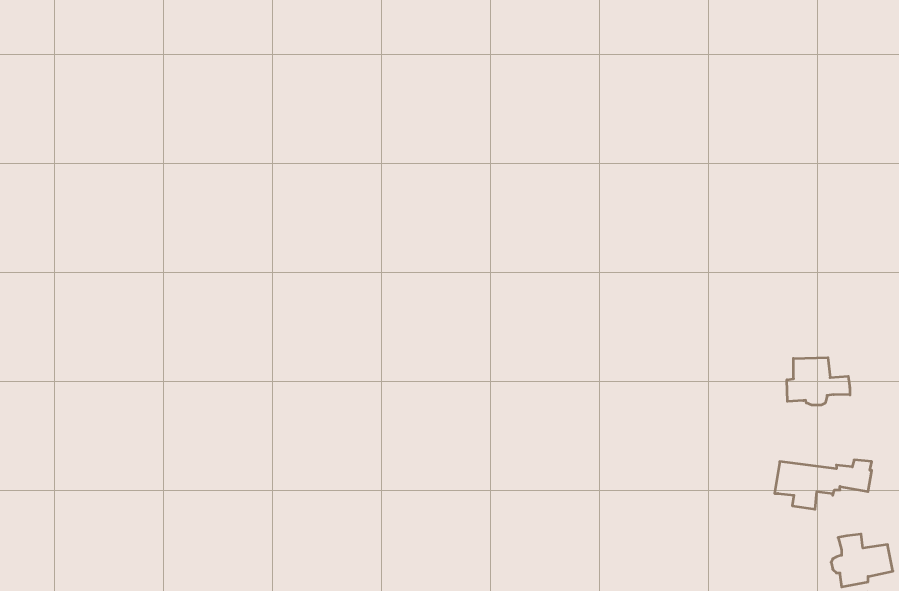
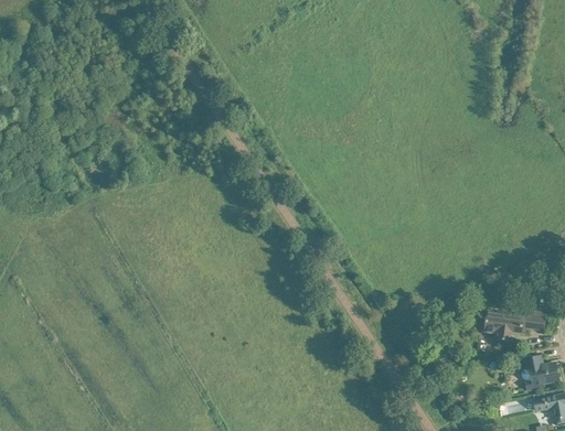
building: [787,358,850,405] -> none

